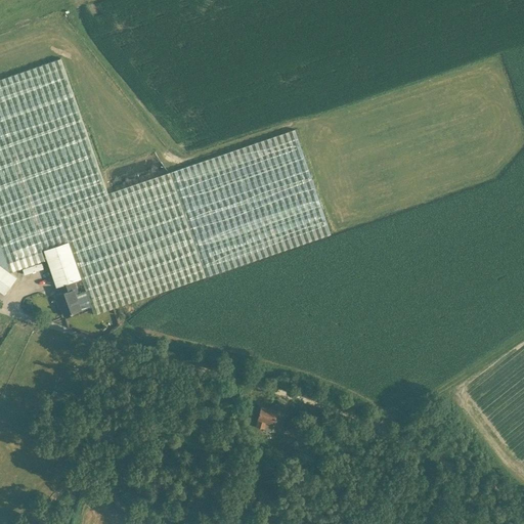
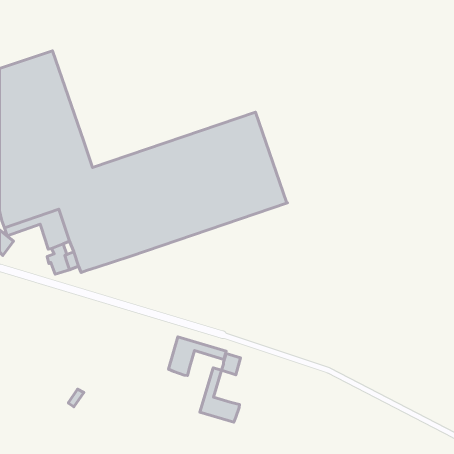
building: none -> [168,337,226,376]
building: none -> [200,368,240,422]

